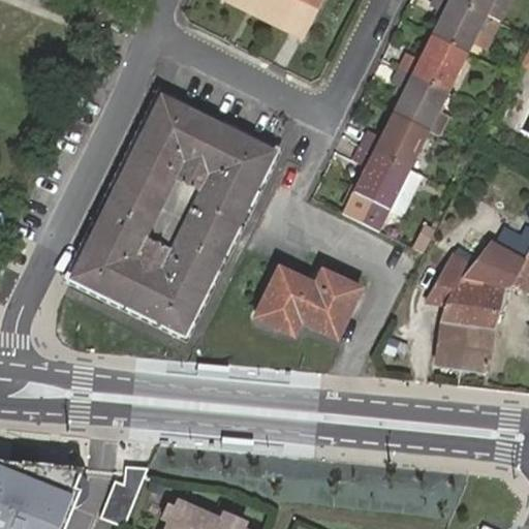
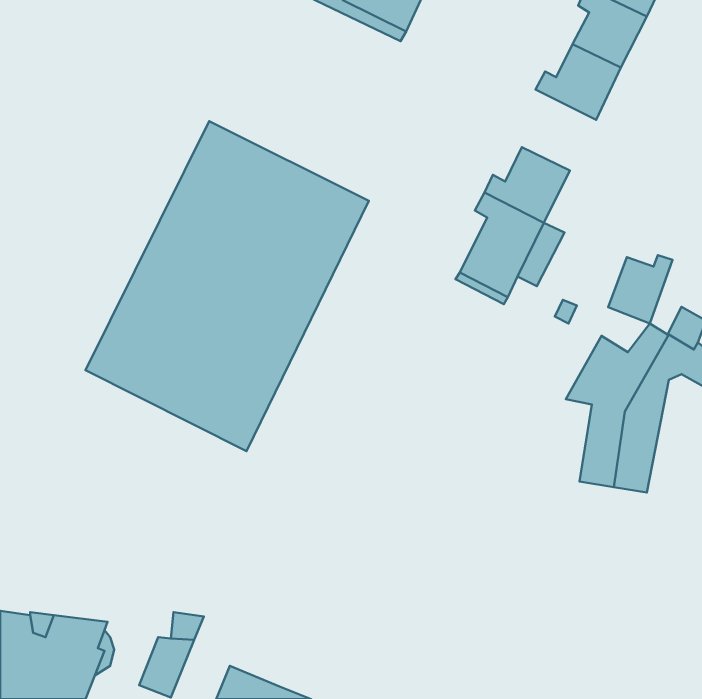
building: [393,67,448,128] -> none
building: none -> [608,255,673,323]
building: [256,267,361,336] -> none

